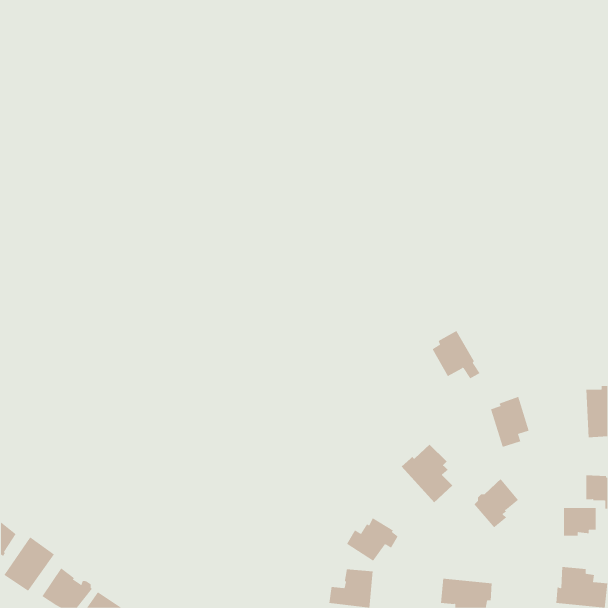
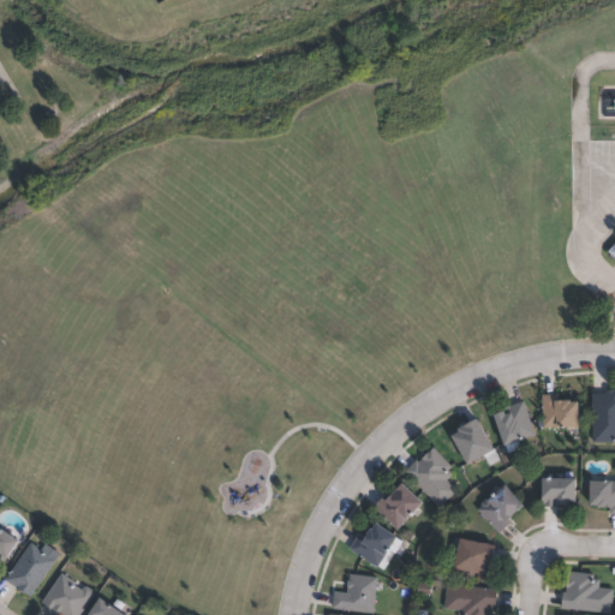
building: [432,330,481,379] -> [452,417,501,466]
building: none -> [538,394,579,428]
building: none -> [372,483,424,531]
building: [563,508,596,536] -> [543,478,577,507]
building: none -> [454,538,496,574]

